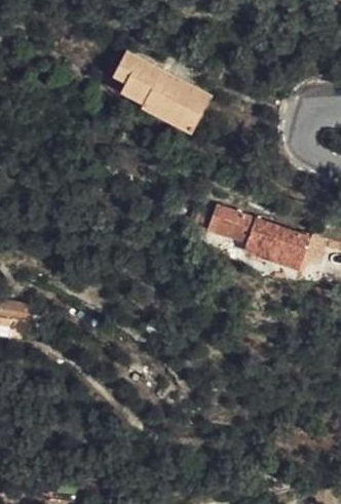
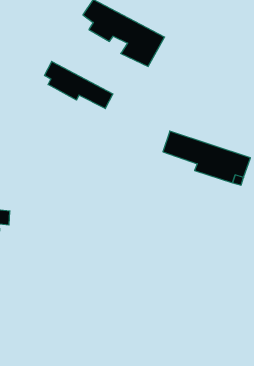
building: none -> [45,61,113,109]

